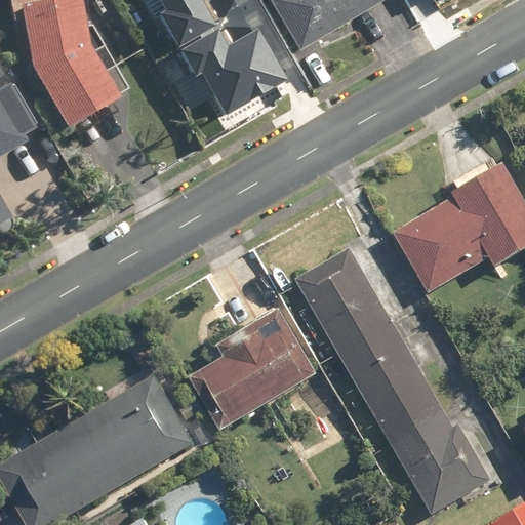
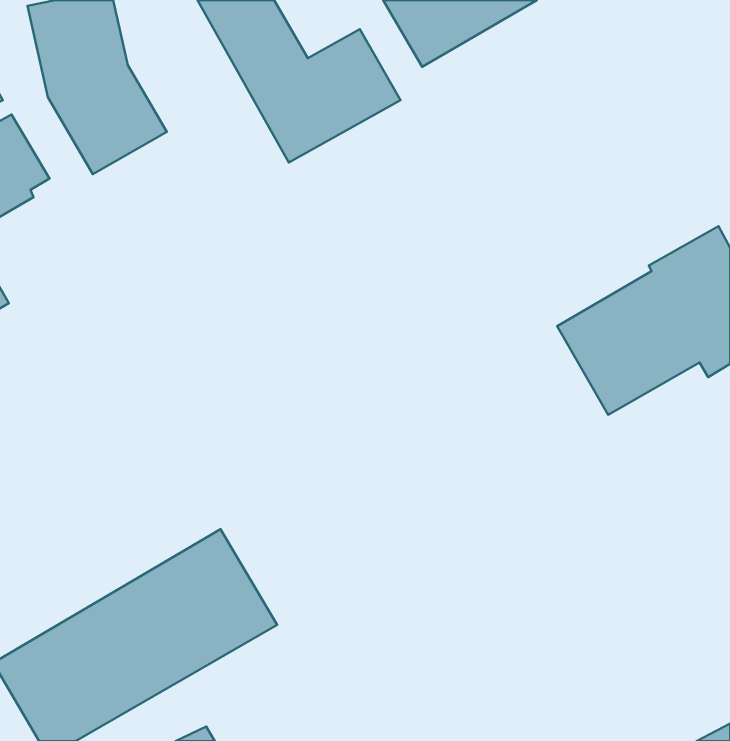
building: [294,248,493,515] -> none
building: [191,307,321,429] -> none

